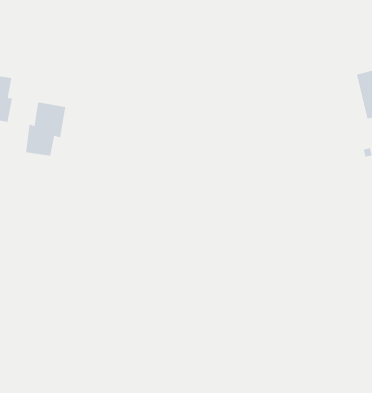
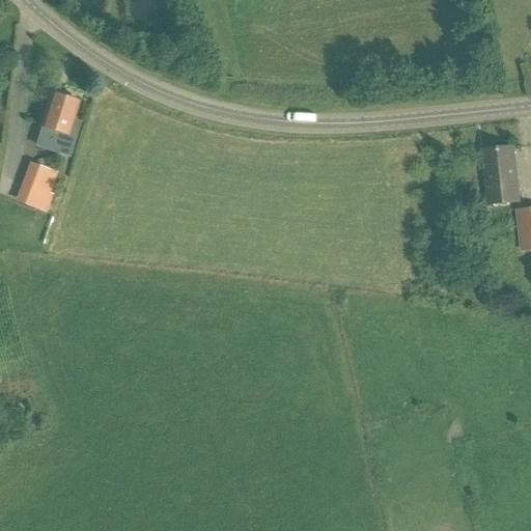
building: [25,102,66,156] -> none

